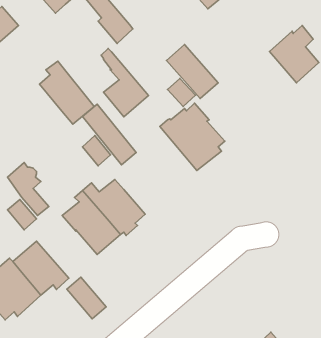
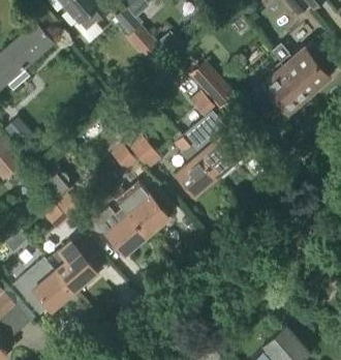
building: [101,48,148,117] -> [173,132,216,196]
building: none -> [252,66,308,117]
building: [40,61,94,124] -> none
building: [67,277,106,319] -> none

